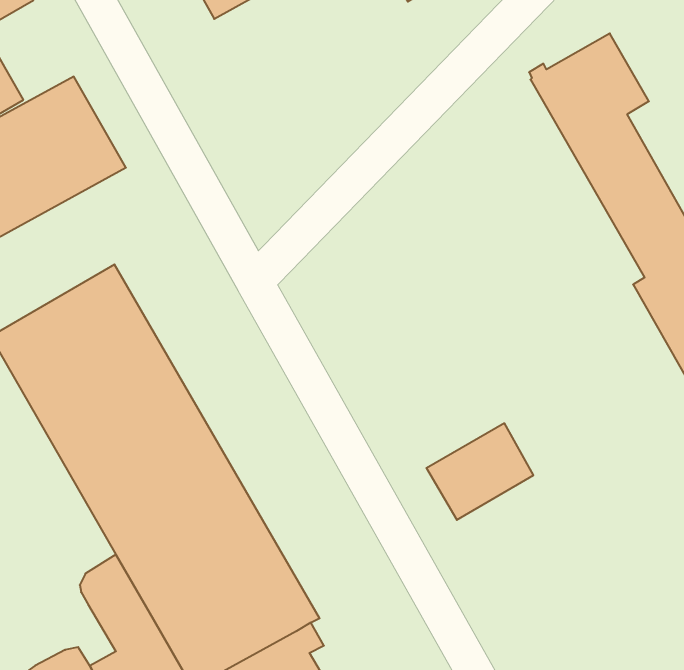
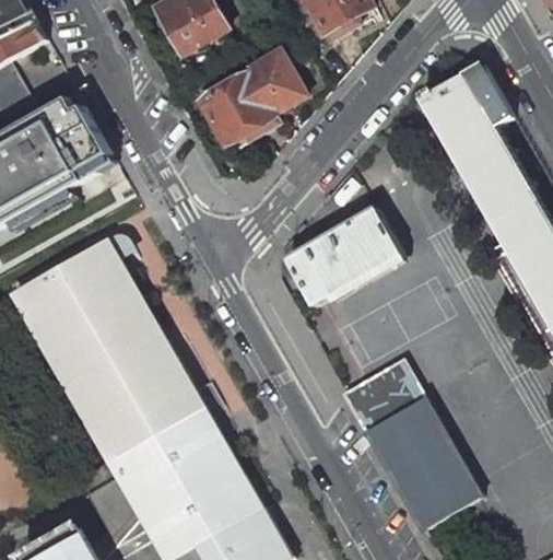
building: none -> [200,50,305,144]
building: none -> [286,208,402,306]
building: none -> [366,399,481,530]

